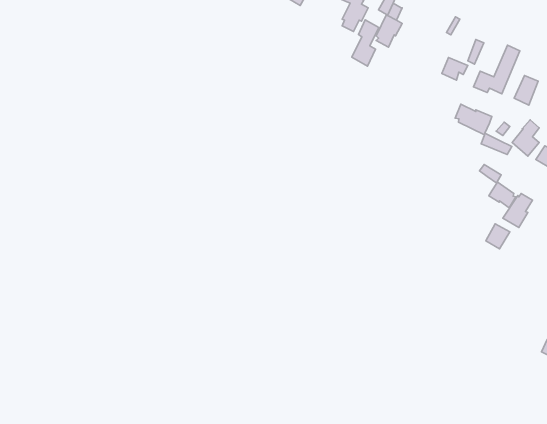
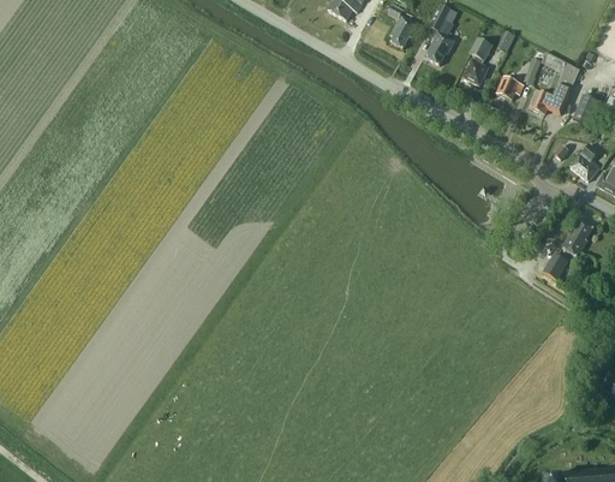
building: [352,20,379,66] -> [464,35,492,84]
building: [455,104,512,155] -> none
building: [480,165,516,208] -> none

